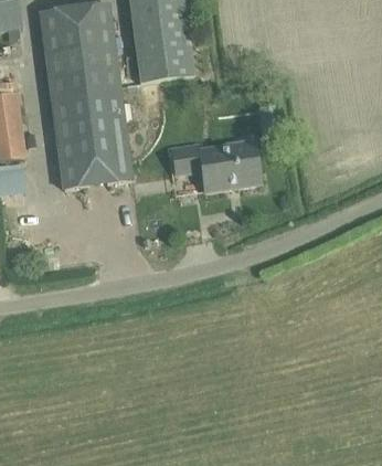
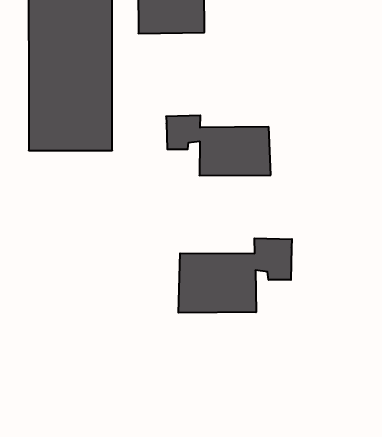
building: none -> [178,238,292,313]

